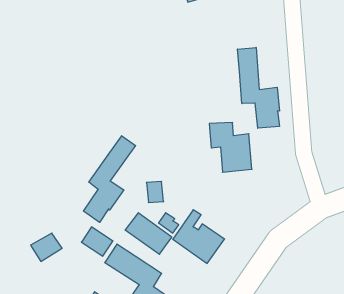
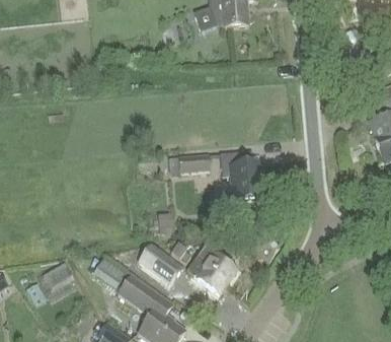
building: [238,47,279,128] -> none
building: none -> [168,153,211,174]
building: [83,136,136,222] -> none

